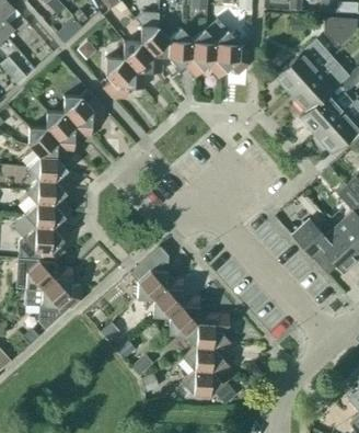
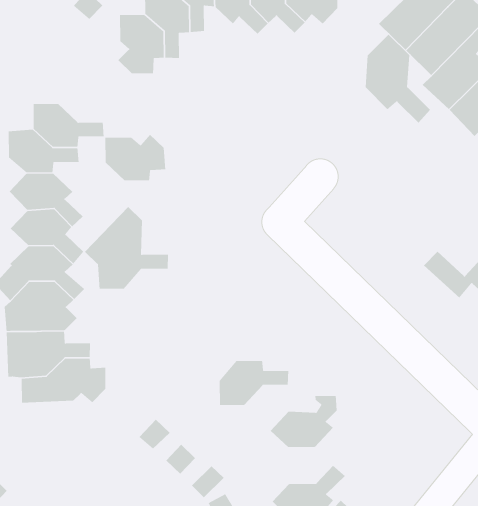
building: none -> [365,34,431,123]
building: [62,95,102,126] -> [105,134,166,181]
building: [129,246,184,299] -> [84,206,169,290]
building: [167,305,218,334] -> none
building: [183,335,232,371] -> none

